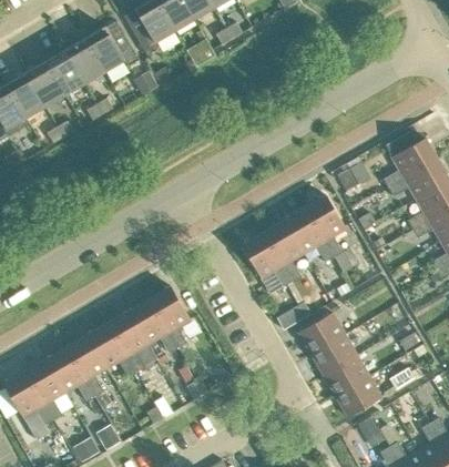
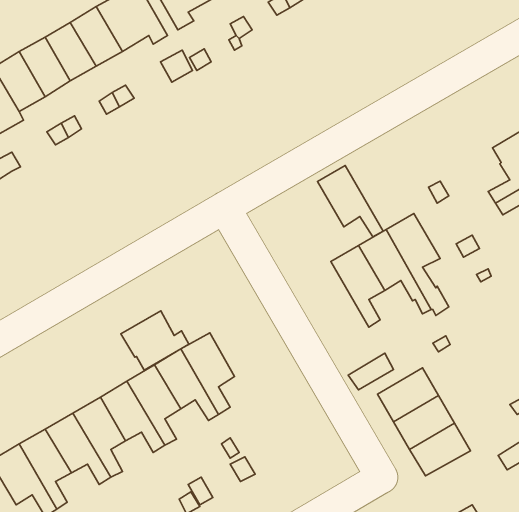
building: [242,232,292,286] -> [318,166,383,237]
building: none -> [121,311,189,370]
building: [335,376,381,417] -> none

